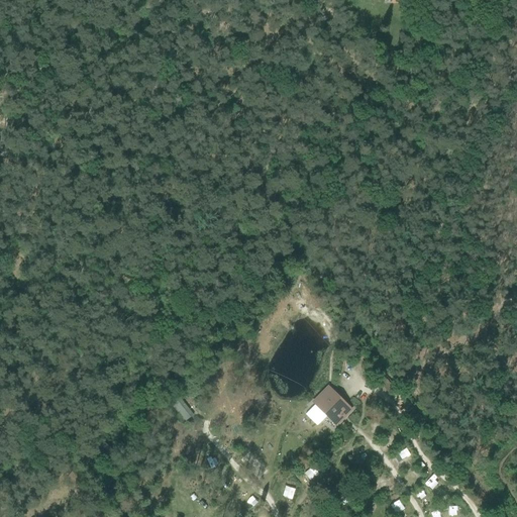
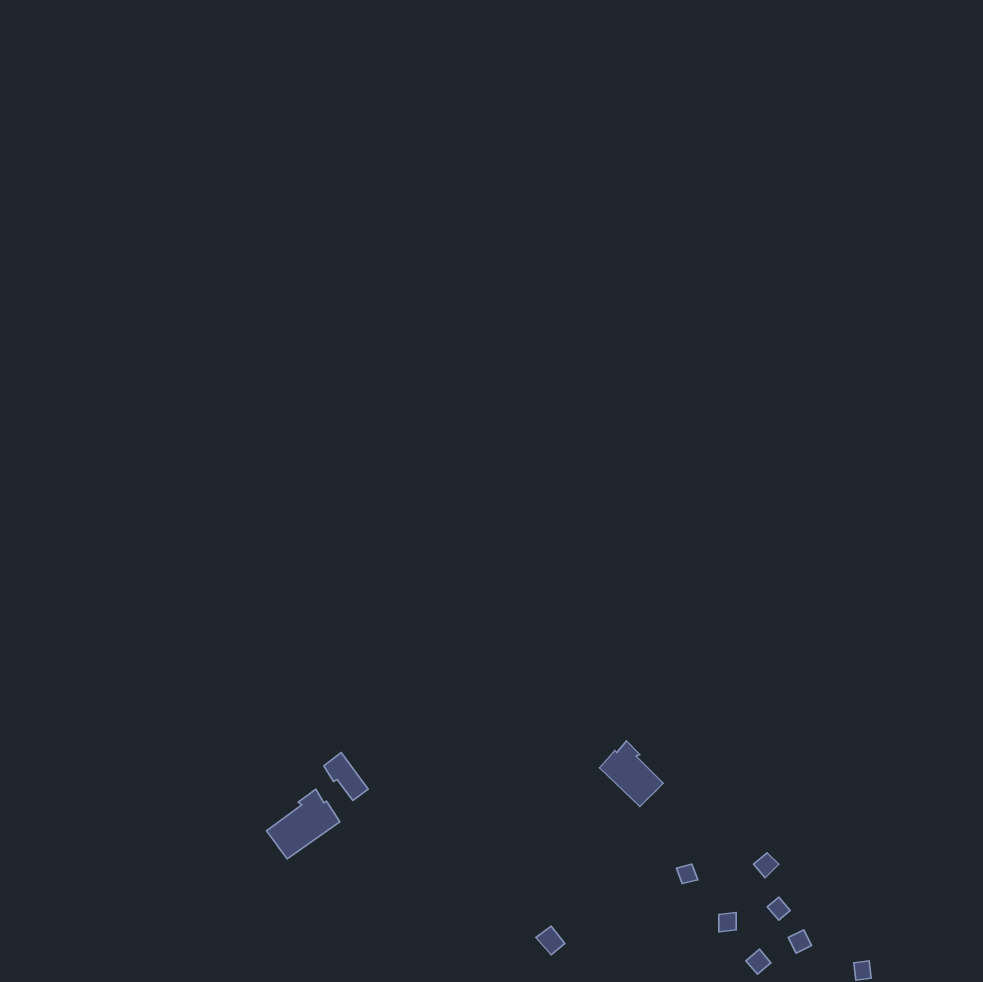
building: none -> [267,789,340,859]

